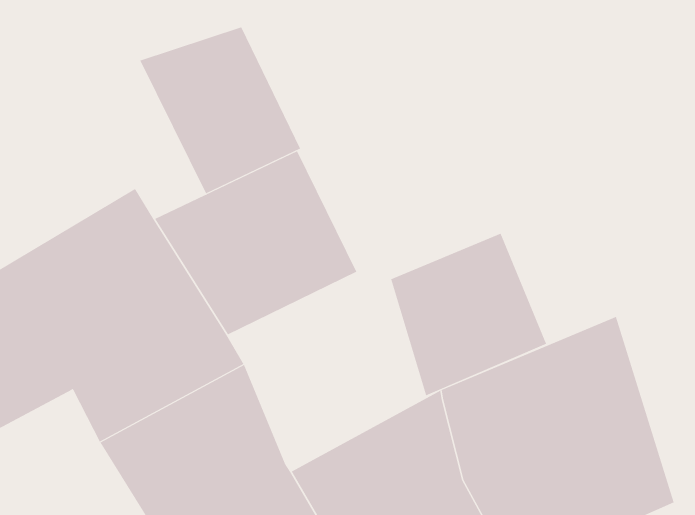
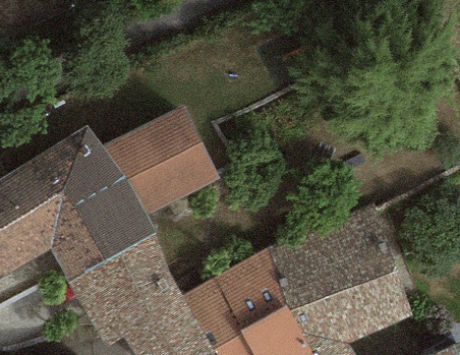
building: [139,26,301,194] -> none
building: [390,233,547,396] -> none

